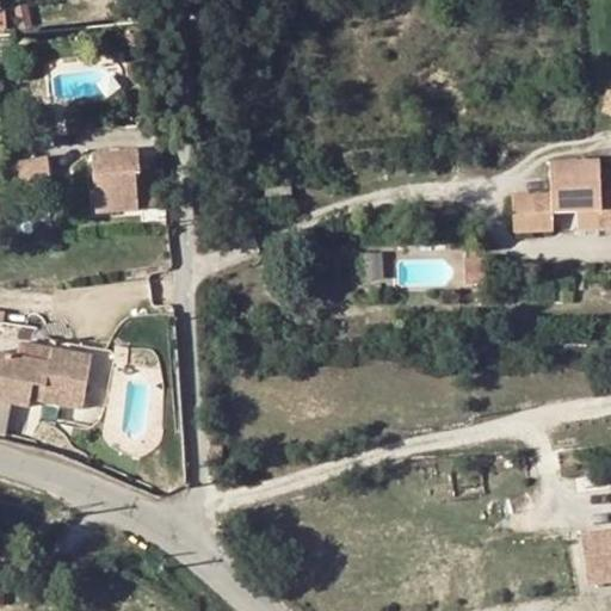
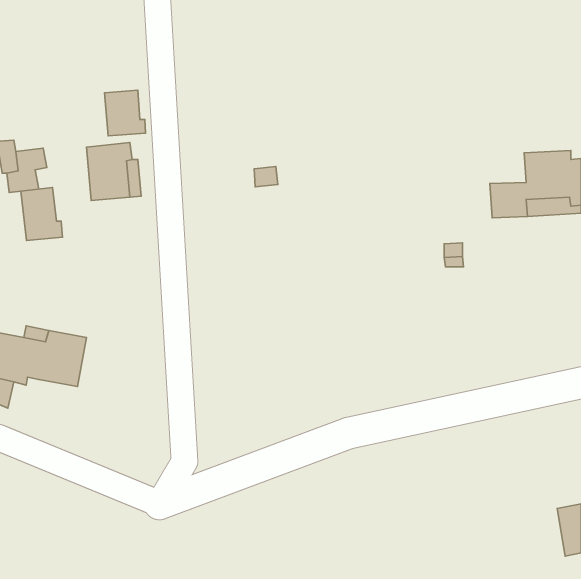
building: none -> [104,90,145,136]
building: none -> [21,188,62,241]

